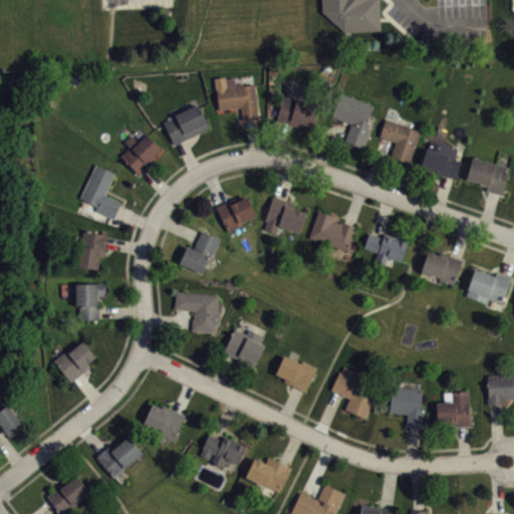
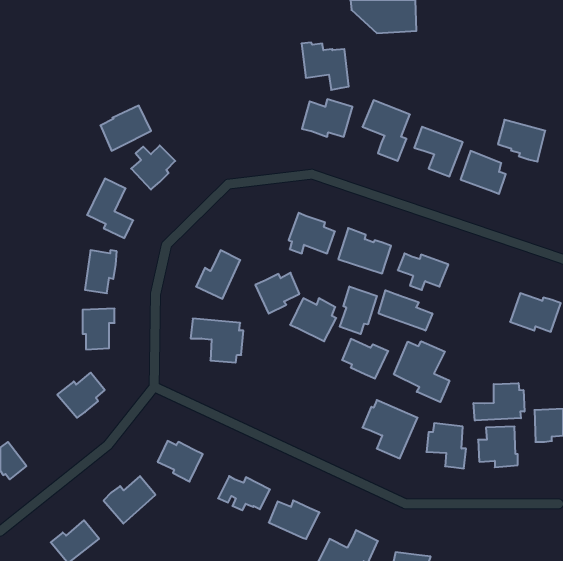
building: [215,77,258,120] -> [301,43,349,90]
building: [163,104,209,146] -> [100,106,151,151]
building: [466,157,509,195] -> [498,120,545,162]
building: [215,196,255,233] -> [255,273,299,314]
building: [420,252,463,287] -> none
building: none -> [340,286,377,334]
building: none -> [379,290,432,331]
building: none -> [394,341,449,402]
building: [223,328,265,367] -> [290,298,336,341]
building: none -> [474,383,524,421]
building: [275,355,317,392] -> [342,339,388,379]

